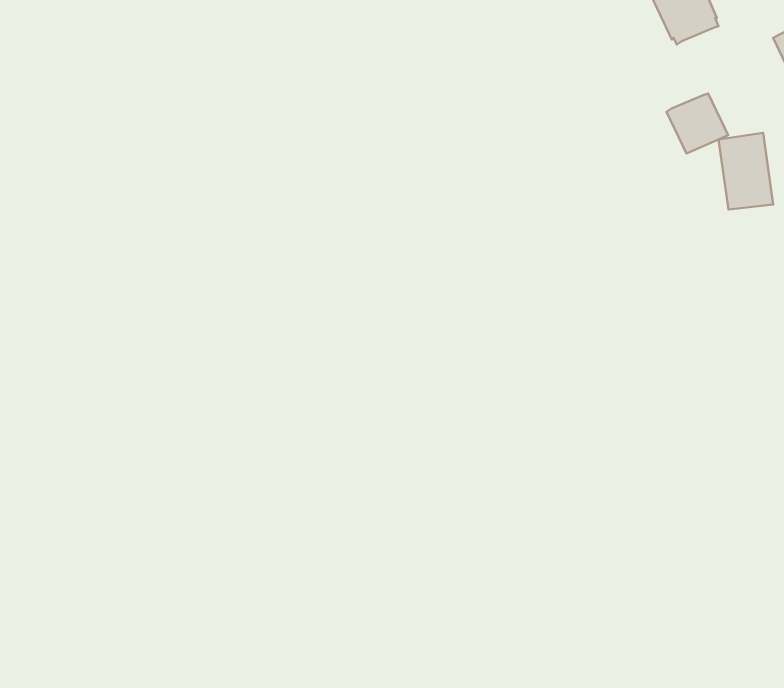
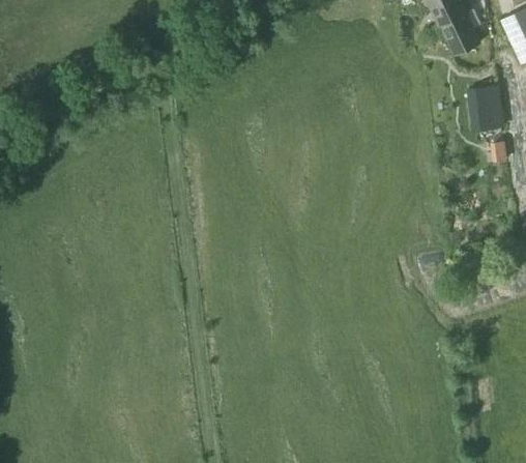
building: [667,94,728,153] -> [443,18,481,55]

